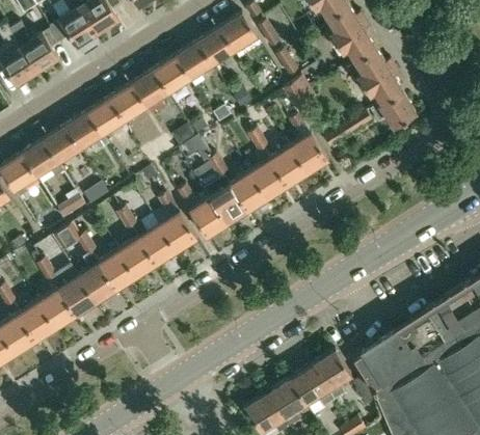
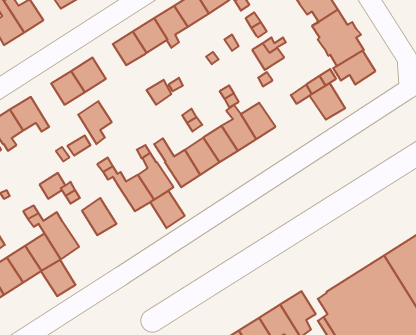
building: [110,83,146,120] -> none
building: [44,126,80,172] -> [78,101,112,144]
building: [290,133,328,172] -> [310,83,345,120]
building: [118,237,156,277] -> [150,191,185,228]
building: [78,263,115,302] -> [41,260,76,296]

